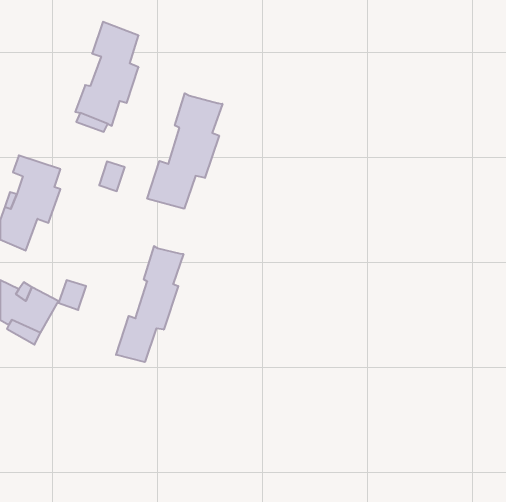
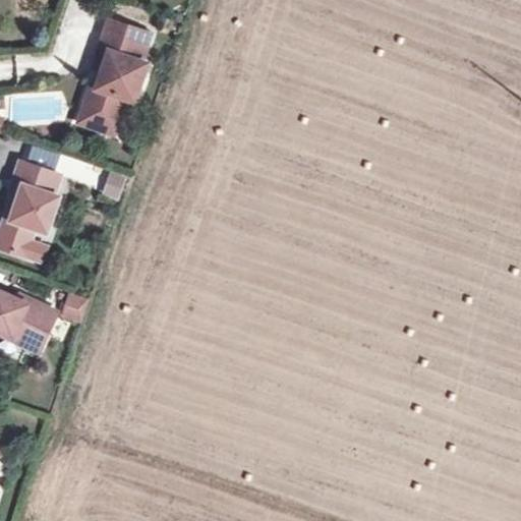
building: [147,93,222,209] -> none
building: [116,246,183,362] -> none

